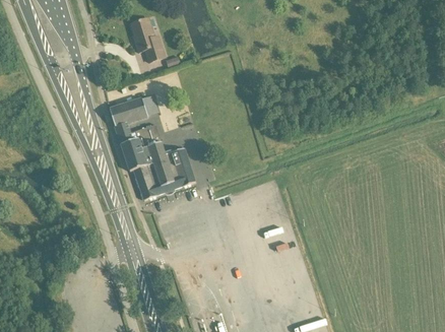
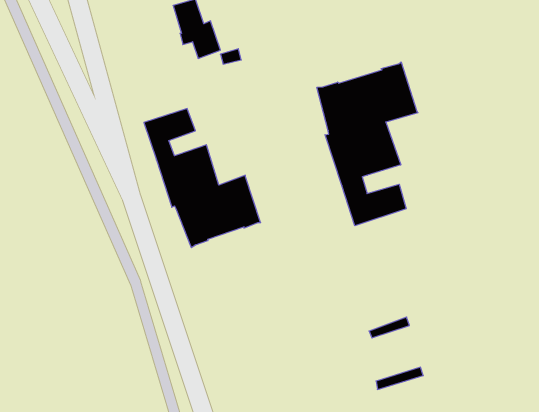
building: none -> [317,62,418,226]

